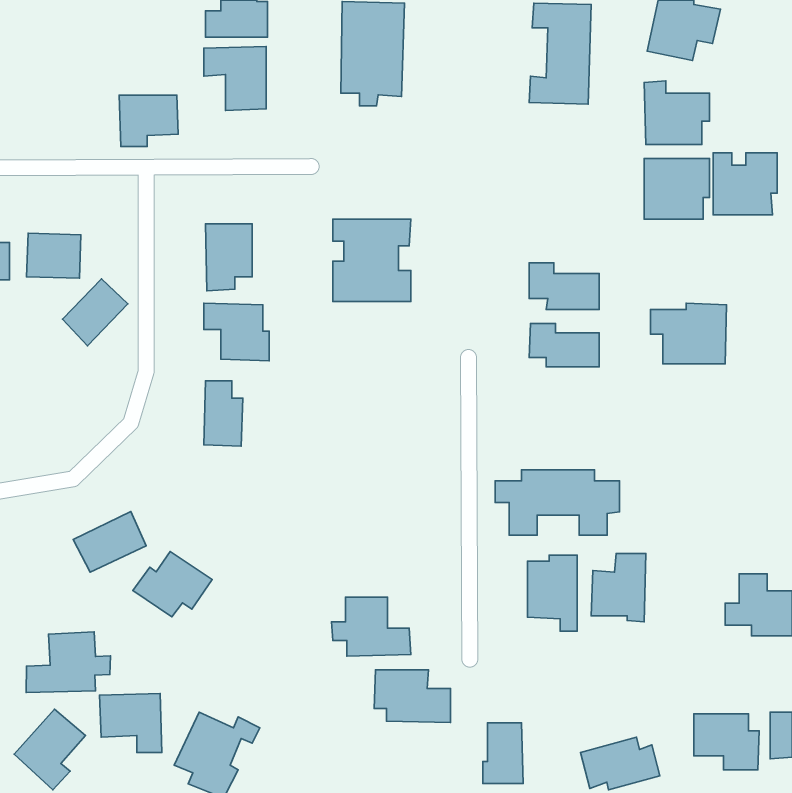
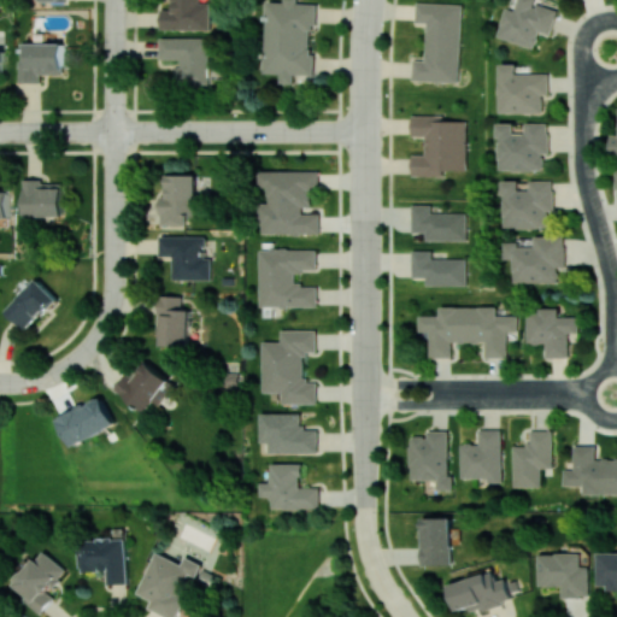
building: [119,95,178,147] -> [17,43,63,83]
building: none -> [410,116,463,176]
building: [713,153,777,215] -> [504,181,553,229]
building: [63,279,128,346] -> [5,280,55,331]
building: none -> [258,249,315,307]
building: none -> [527,310,577,358]
building: none -> [260,330,315,404]
building: [495,470,619,535] -> [418,307,515,358]
building: [133,552,212,617] -> [112,362,174,412]
building: none -> [511,431,551,488]
building: [26,632,111,693] -> none
building: [374,670,450,723] -> [257,413,316,454]
building: [483,723,523,783] -> [419,518,451,565]

